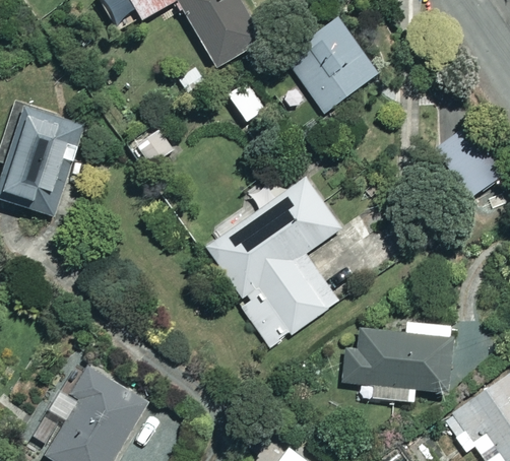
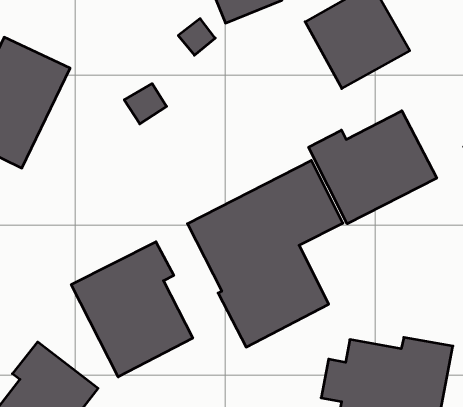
building: none -> [309,111,437,224]
building: none -> [71,242,193,377]

